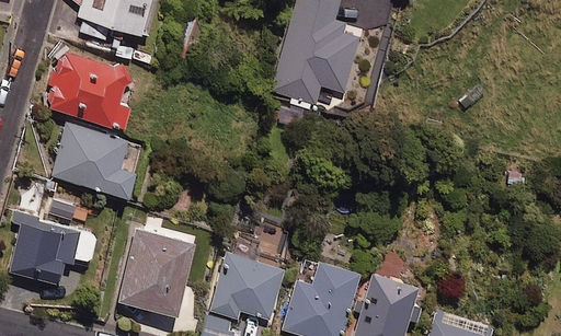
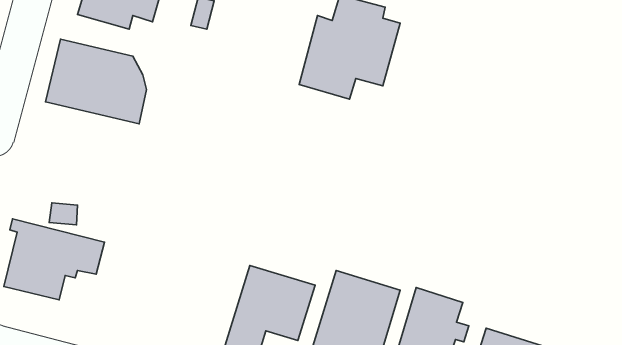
building: [47,119,139,197] -> none
building: [116,229,193,315] -> none

